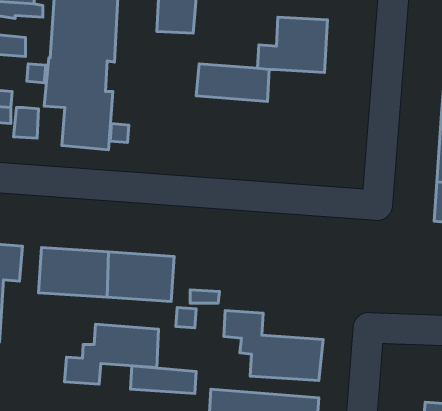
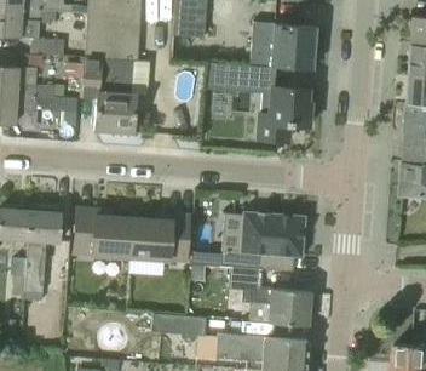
building: none -> [258,86,309,142]
building: none -> [229,211,303,272]
building: [64,324,158,384] -> none

